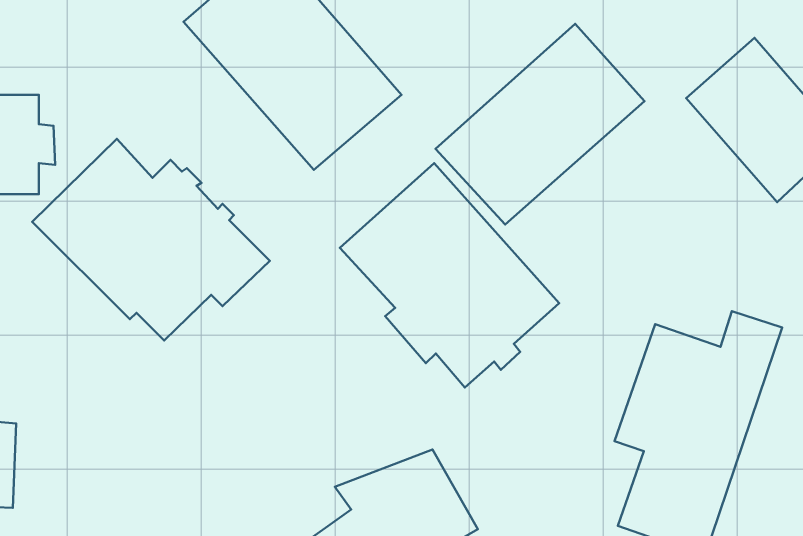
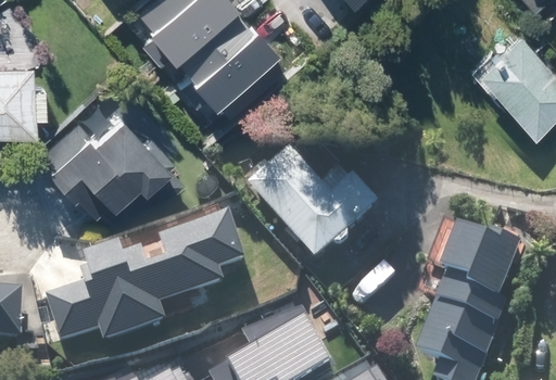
building: [436,24,645,225] -> none
building: none -> [46,215,241,346]

